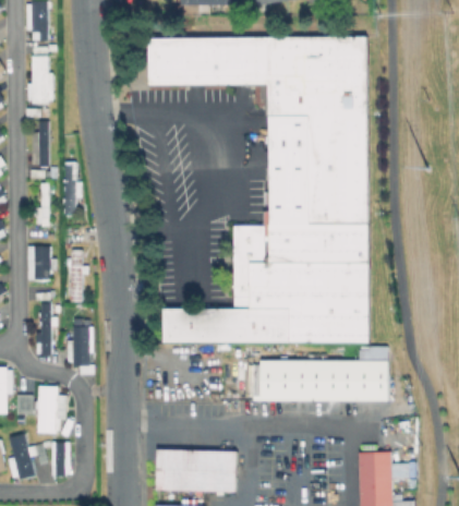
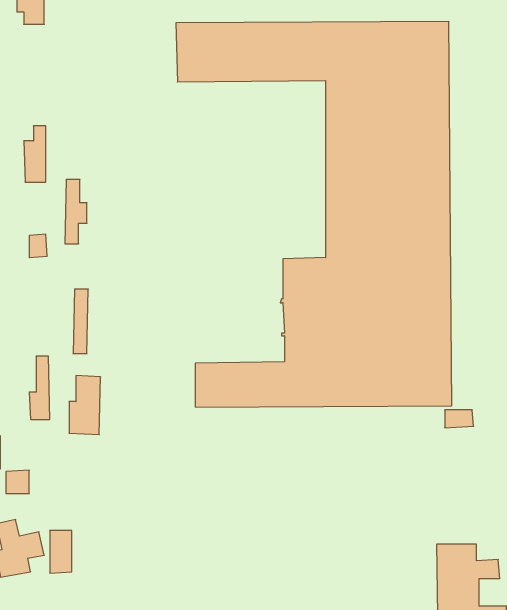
building: [25,55,51,103] -> none
building: [26,245,49,279] -> none
building: [259,361,387,402] -> none
building: [35,385,64,432] -> none
building: [156,451,235,493] -> none

